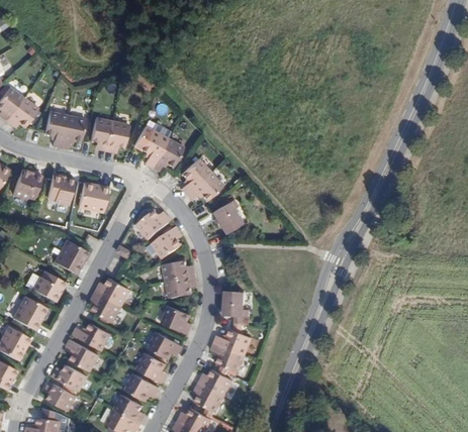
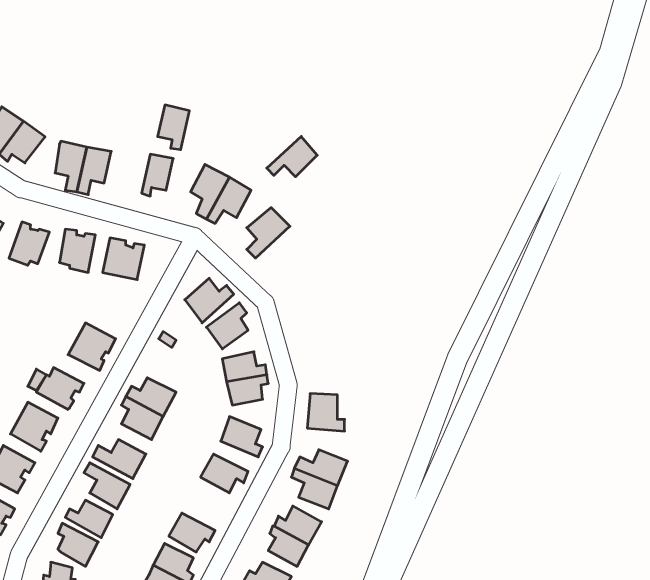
building: [89,118,111,149] -> [158,105,189,150]
building: [185,173,220,201] -> [267,136,317,177]
building: [211,199,240,232] -> none
building: [135,352,164,383] -> none

